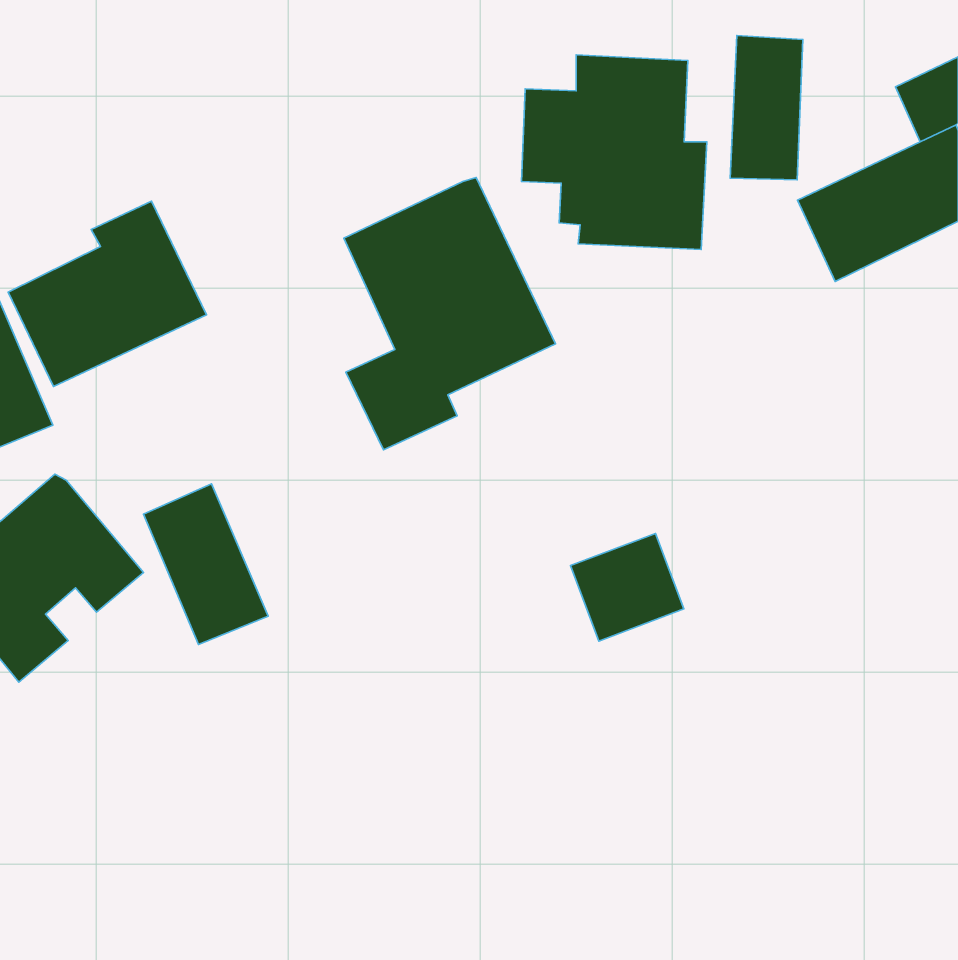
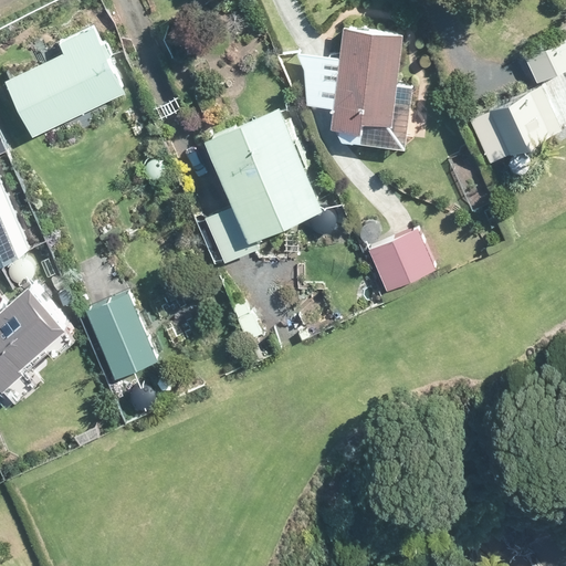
building: [730,35,803,180] -> none
building: [8,201,206,386] -> [9,25,125,134]
building: [571,533,684,641] -> [366,229,432,292]

